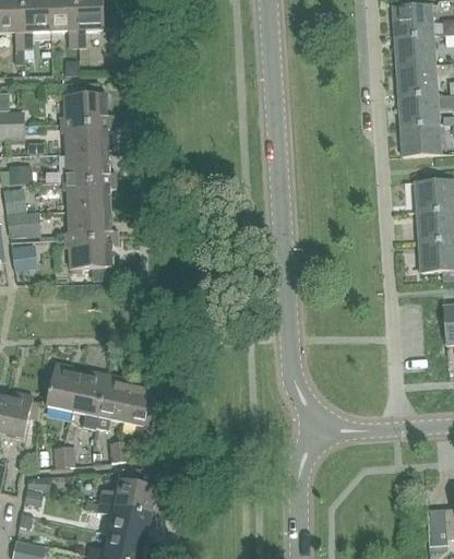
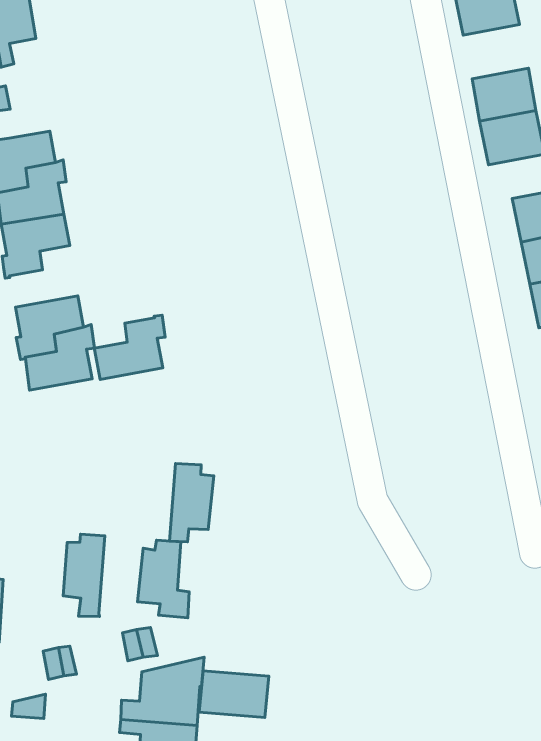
building: [396,63,438,96] -> none
building: [65,173,115,211] -> [94,315,165,379]
building: [47,364,81,412] -> none
building: [96,374,132,429] -> [170,463,214,542]
building: none -> [199,671,269,717]

